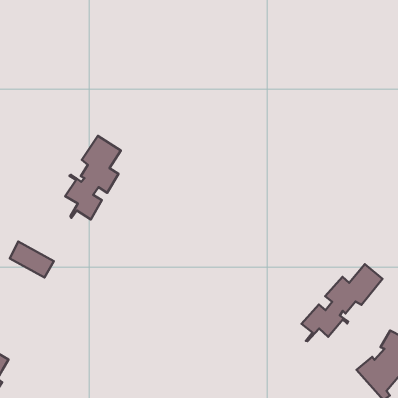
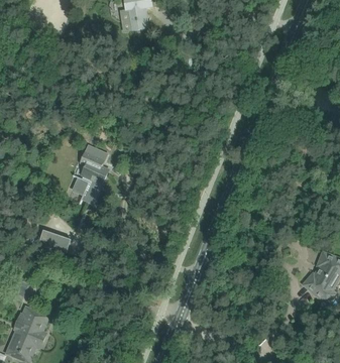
building: [302,264,382,341] -> none

